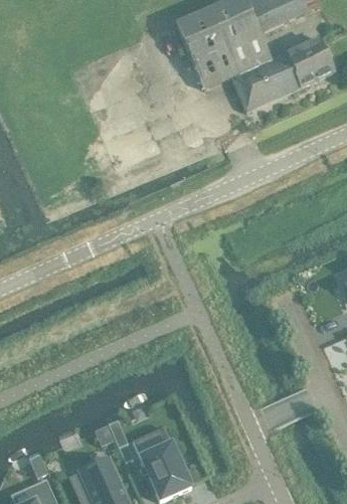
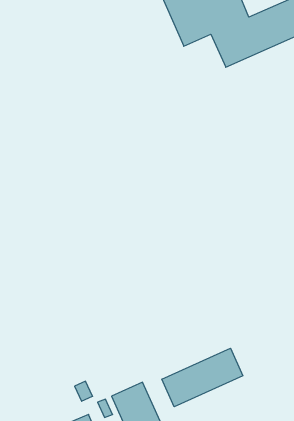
building: none -> [162,348,243,407]

